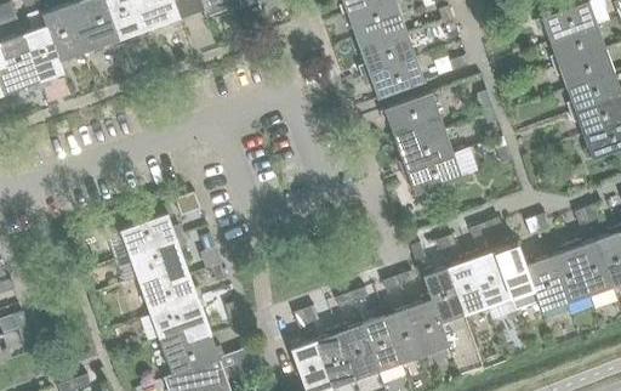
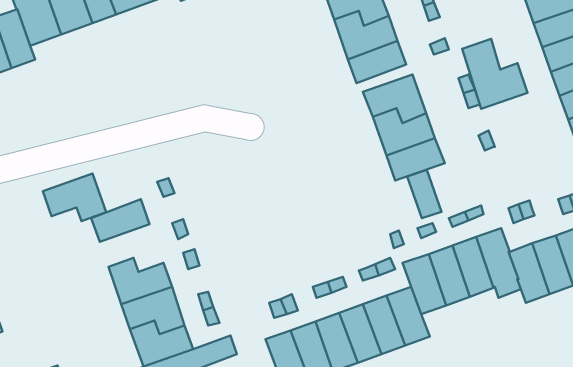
building: none -> [462,39,528,109]
building: none -> [407,170,442,218]
building: [127,237,189,283] -> [43,174,106,221]

